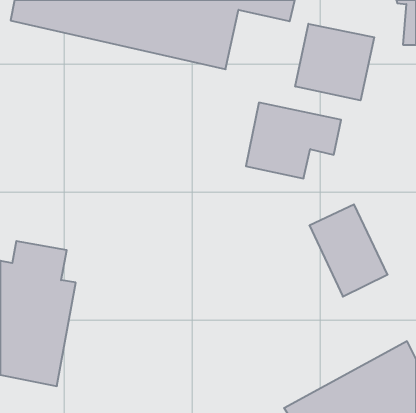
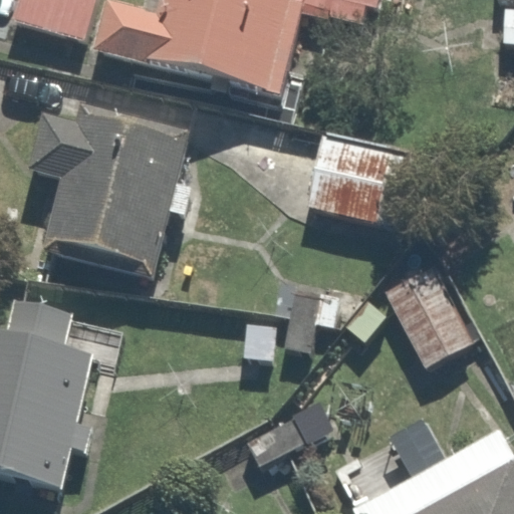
building: [295,24,374,100] -> none
building: none -> [26,100,195,272]

